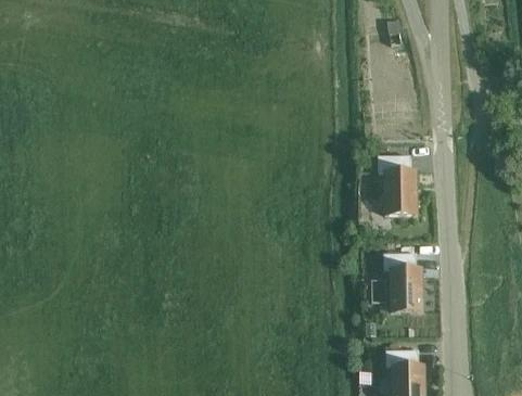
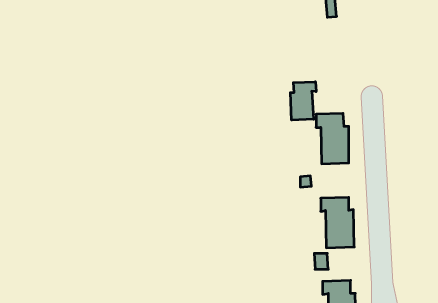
building: none -> [290,82,316,120]

